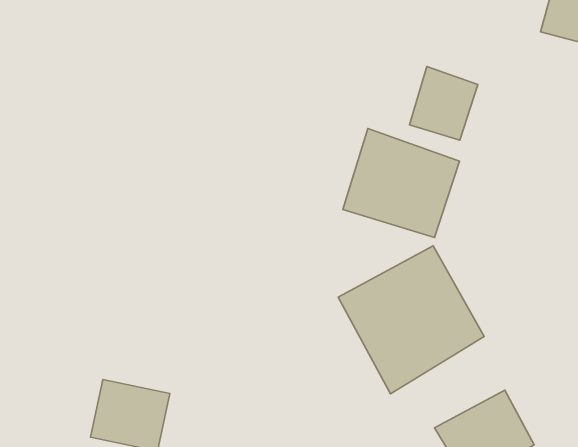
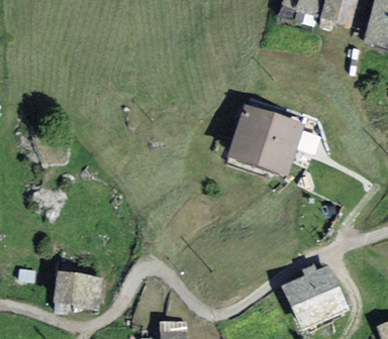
building: [409,67,478,140] -> none
building: [338,246,484,394] -> none

